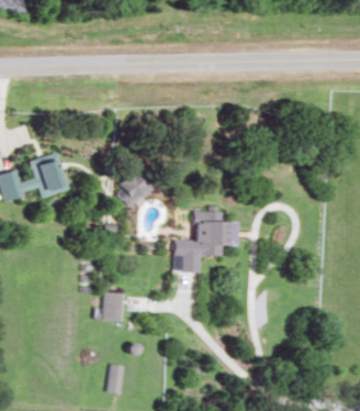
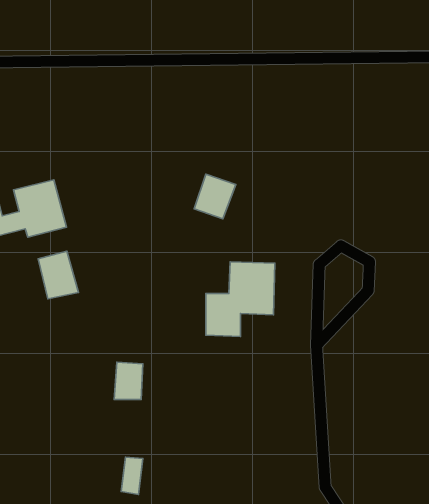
building: [115,171,147,205] -> [194,174,236,219]
building: none -> [38,251,79,299]

